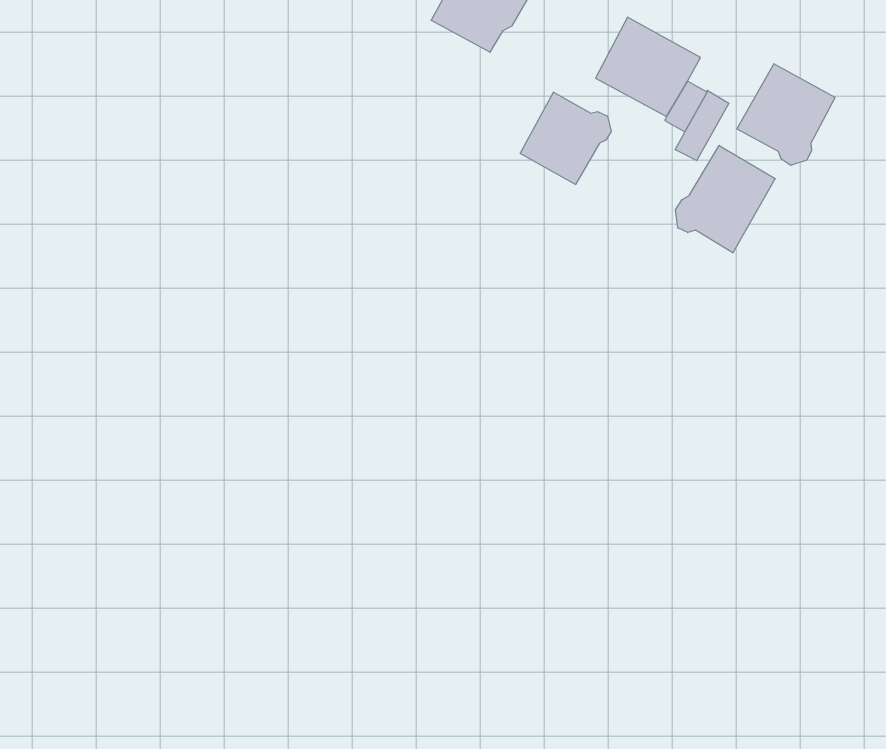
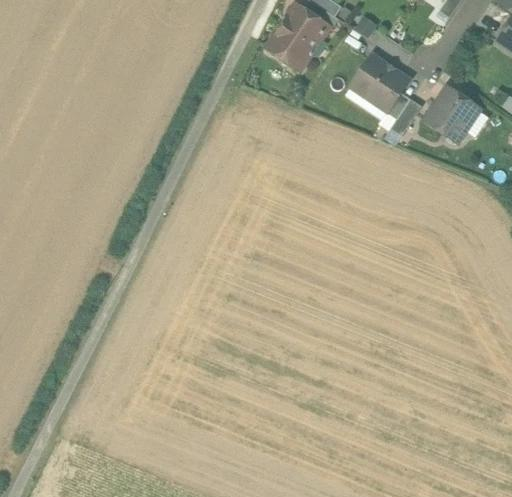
building: [520,92,611,185] -> none
building: [675,145,775,253] -> none

